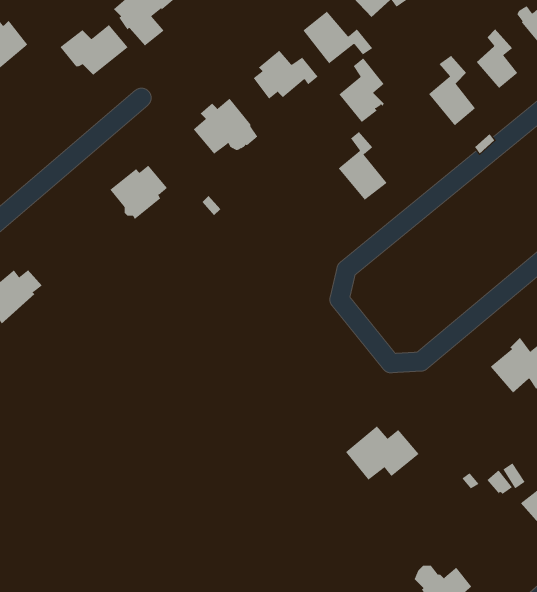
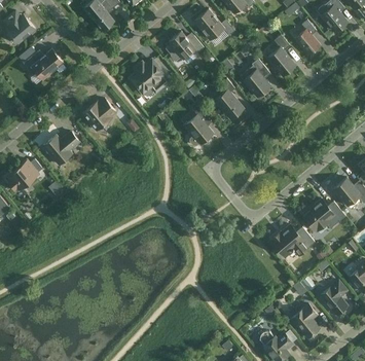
building: [60,24,129,76] -> [23,48,63,78]
building: [339,57,385,123] -> [243,58,269,96]
building: none -> [184,104,212,145]
building: none -> [42,131,78,164]
building: [345,426,420,480] -> [270,224,314,256]
building: none -> [291,303,319,337]

